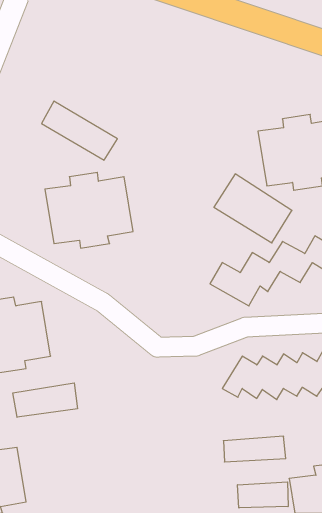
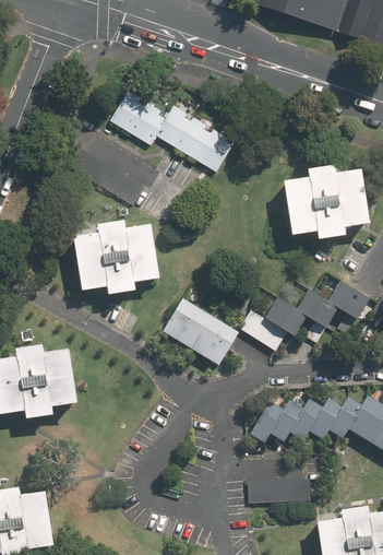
building: none -> [106,88,236,174]
building: [214,174,292,243] -> [161,297,238,365]
building: [13,383,77,417] -> none
building: [238,482,288,508] -> none

